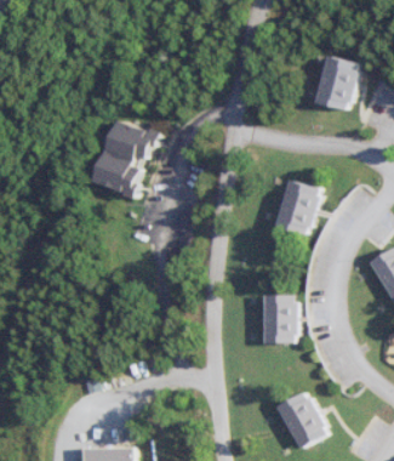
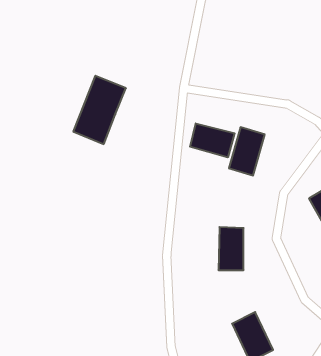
building: [313,56,352,109] -> none
building: none -> [190,123,235,157]

